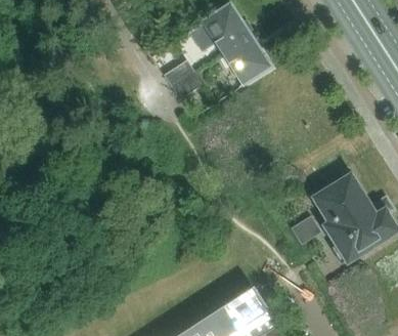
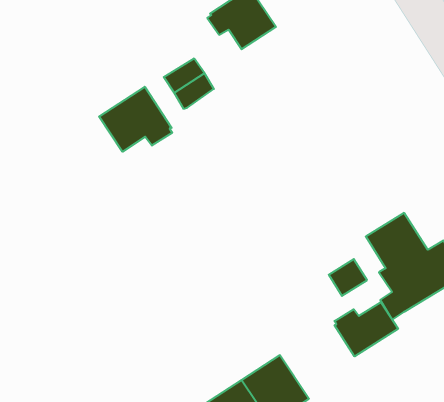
building: [218,34,269,85] -> none
building: none -> [99,87,172,152]
building: none -> [334,302,398,356]

